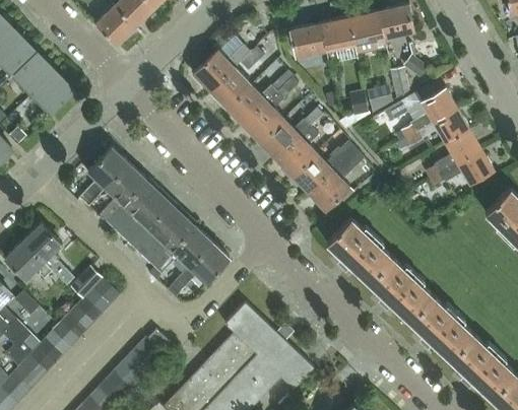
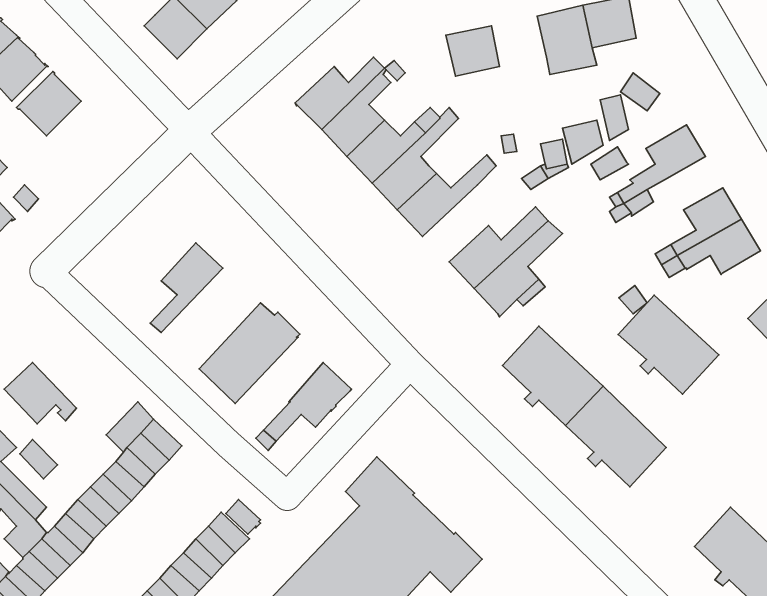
building: [319,18,354,61] -> none
building: [31,73,73,115] -> none
building: [431,109,468,143] -> none
building: [274,127,318,177] -> none
building: [79,147,128,206] -> none
building: [106,179,170,246] -> none
building: [22,223,74,286] -> none
building: [153,225,210,274] -> none
building: [408,296,473,360] -> [618,295,719,394]

